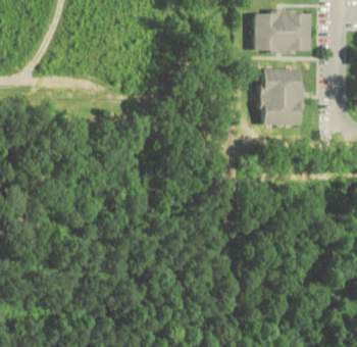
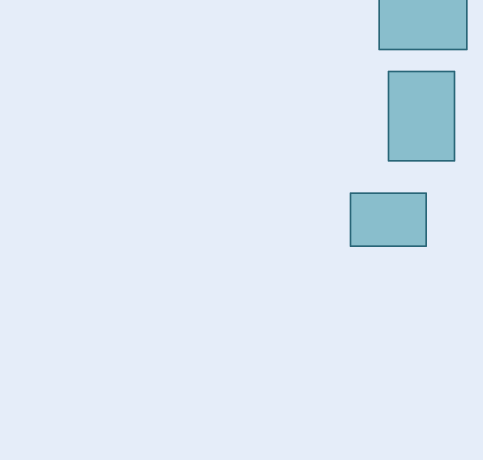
building: none -> [350,193,426,246]

